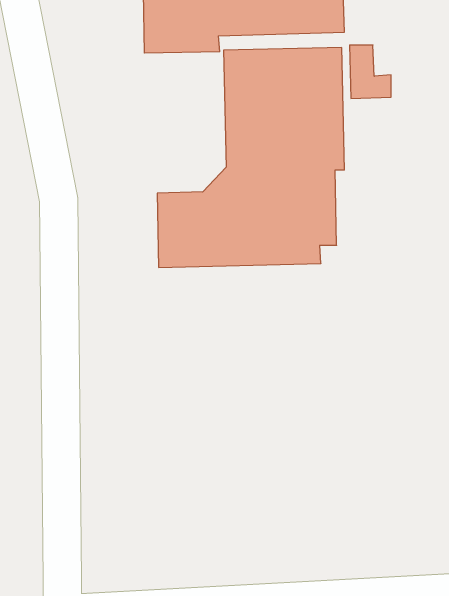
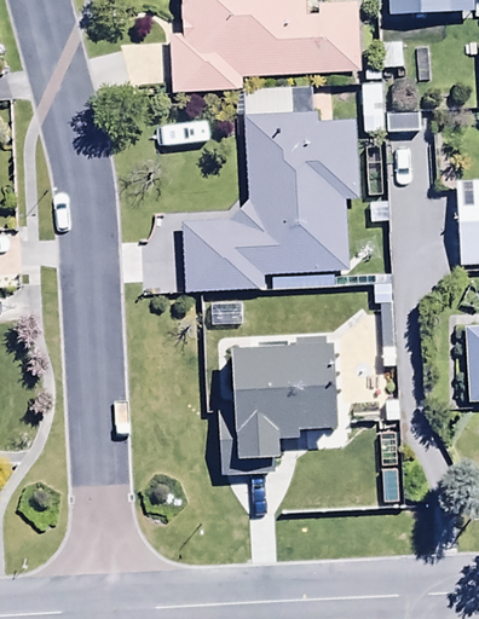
building: none -> [219,336,335,474]

